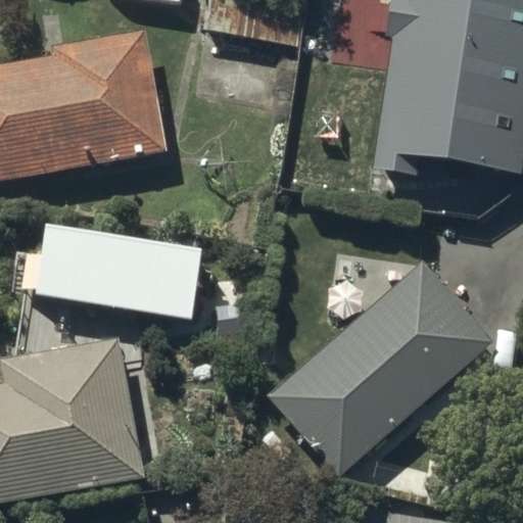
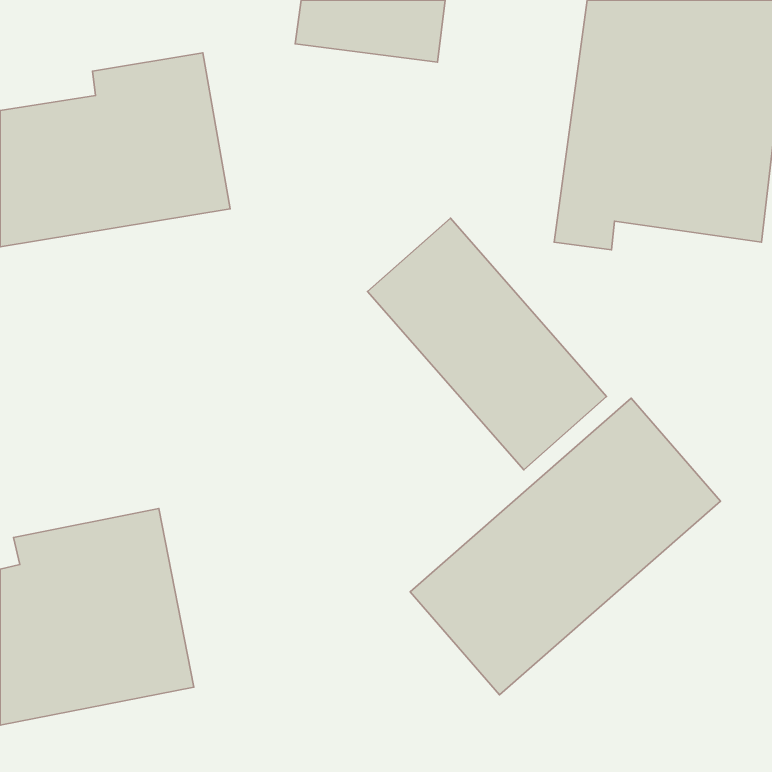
building: none -> [367,218,607,470]
building: [40,226,199,316] -> none

